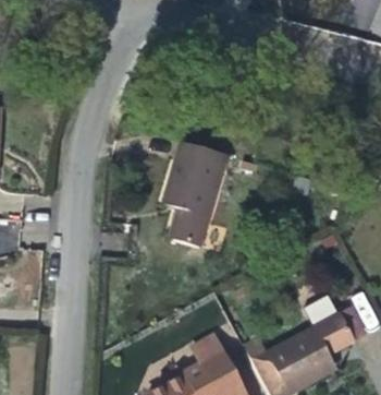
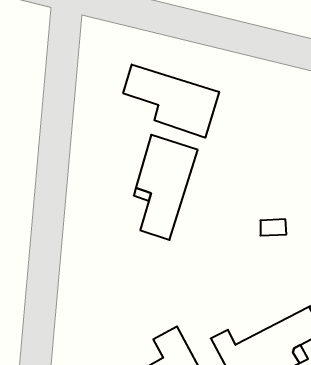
building: none -> [123,64,219,138]

